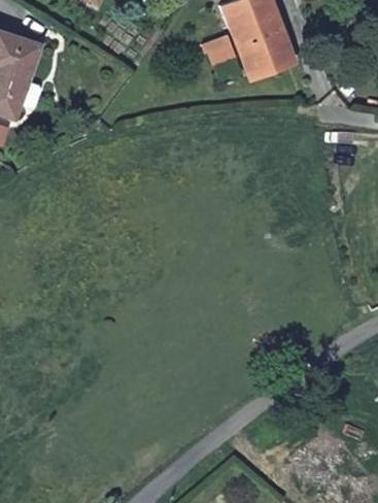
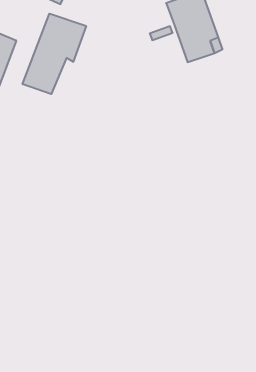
building: none -> [23,14,86,94]

